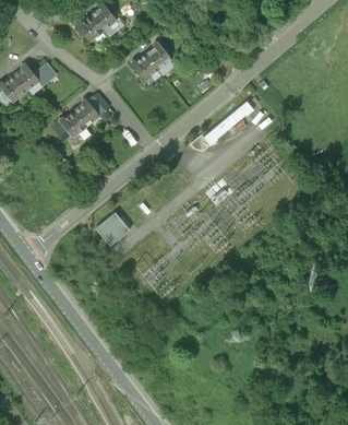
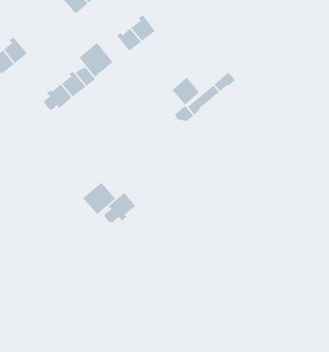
building: none -> [78,42,114,78]
building: none -> [172,77,200,106]
building: none -> [104,192,136,223]

